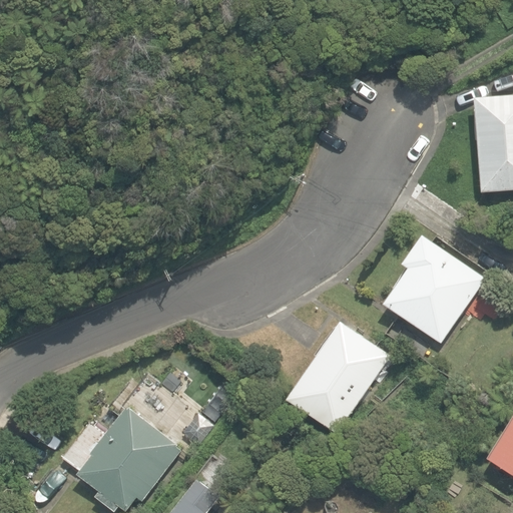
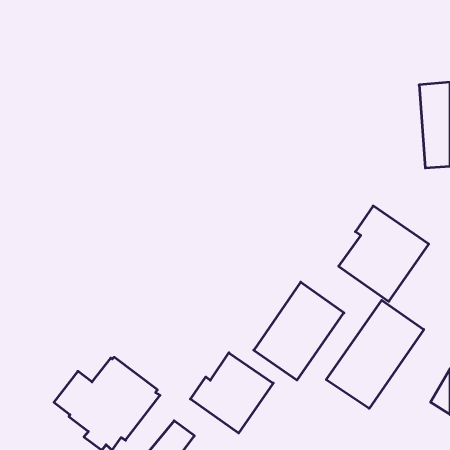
building: none -> [326,300,424,408]
building: none -> [190,353,273,433]

